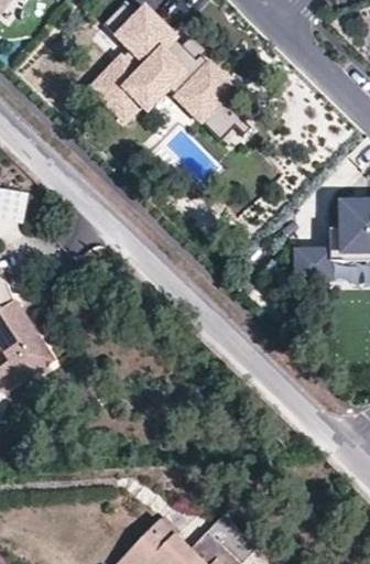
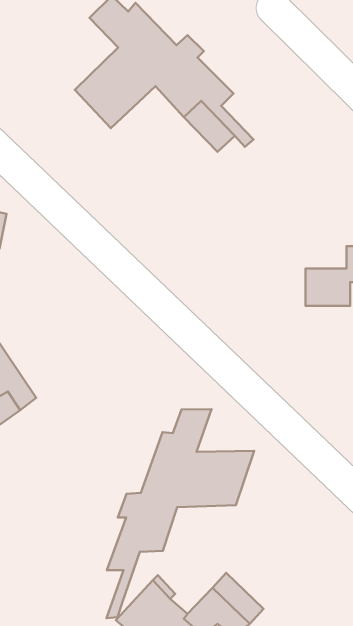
building: none -> [107,409,254,618]

